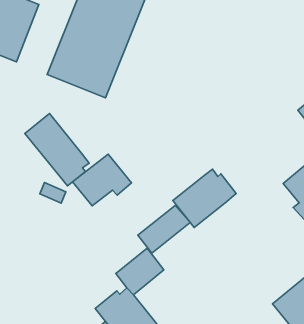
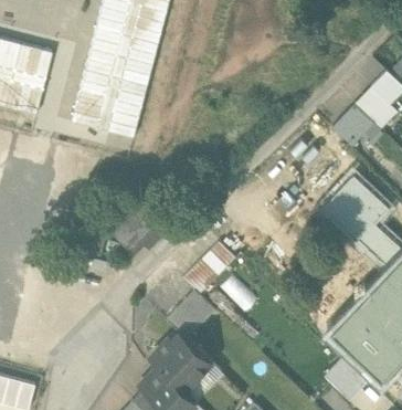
building: [25,114,89,186] -> none
building: [173,169,236,228] -> none

